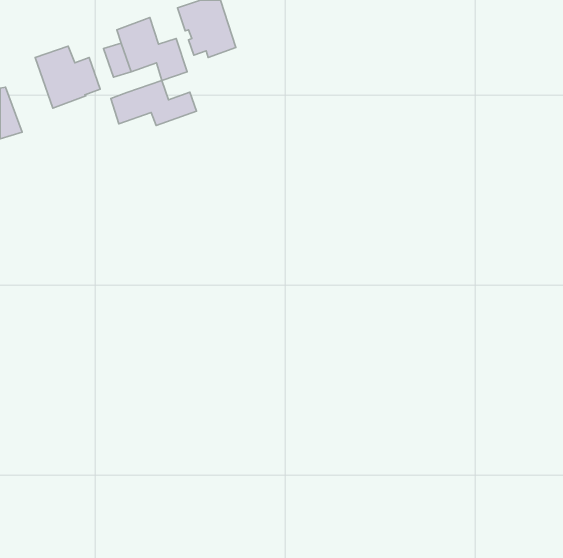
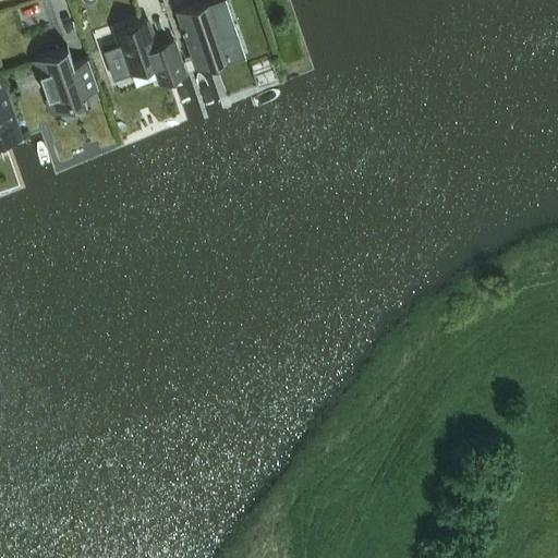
building: [111,81,196,126] -> none

